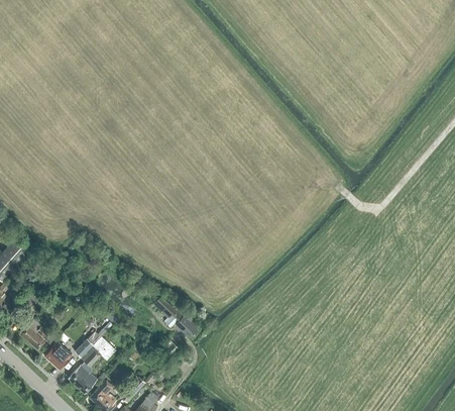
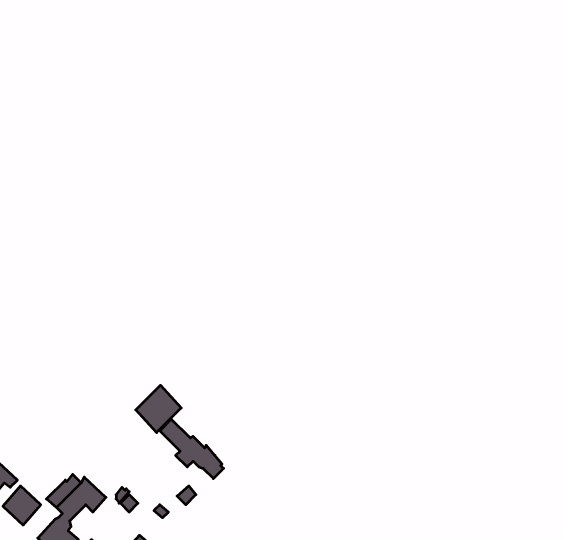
building: none -> [136,385,181,433]

